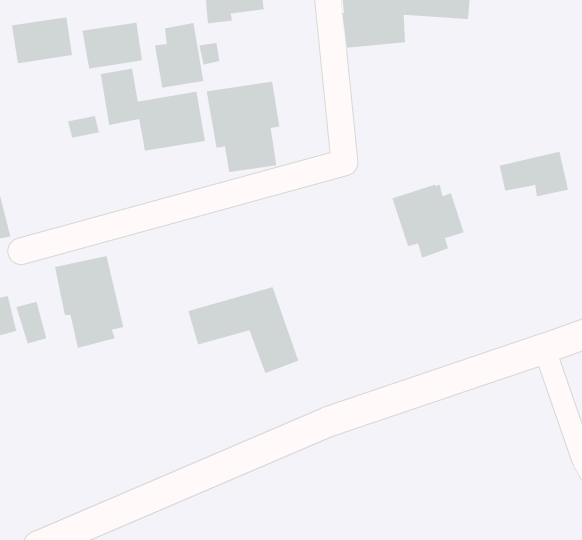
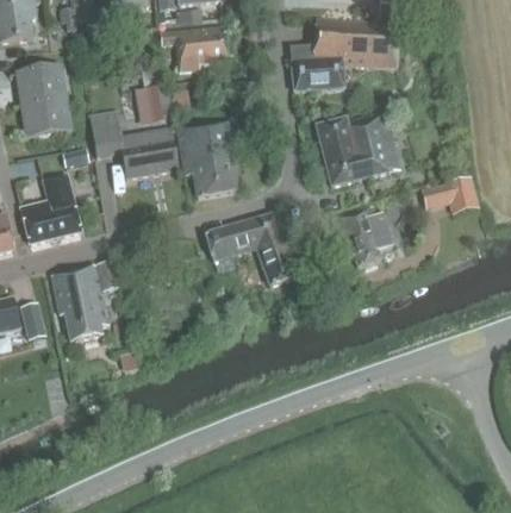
building: [81,22,143,69] -> [19,98,70,137]
building: none -> [314,111,398,186]
building: none -> [19,174,80,243]
building: [187,287,299,374] -> [204,212,297,284]

